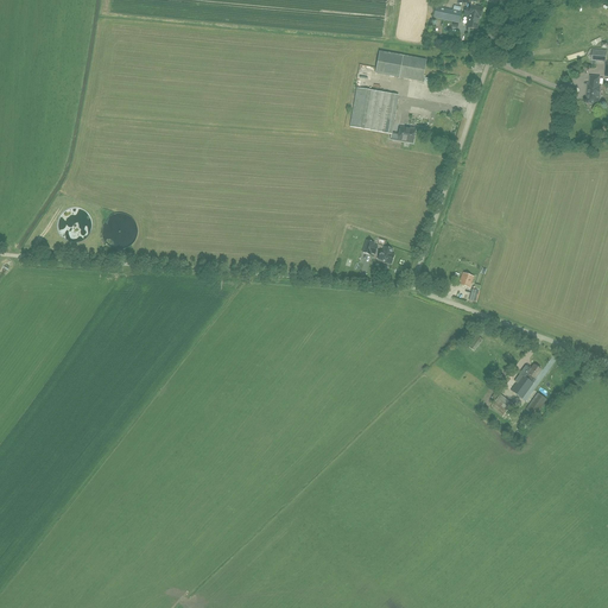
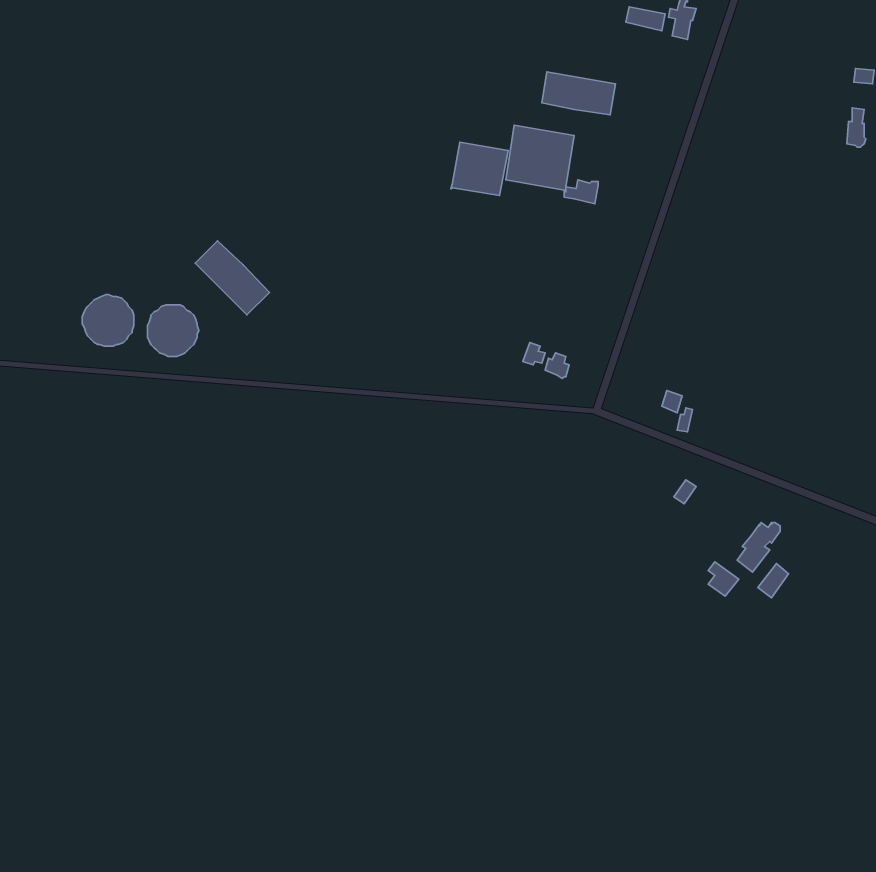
building: none -> [451,142,508,196]
building: none -> [195,241,269,315]

